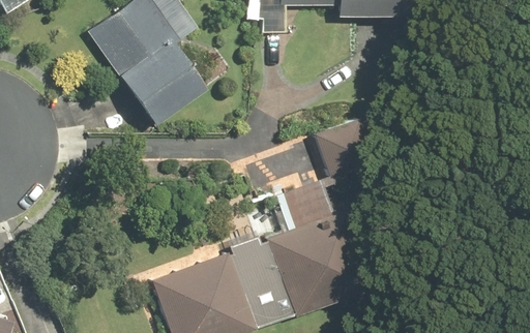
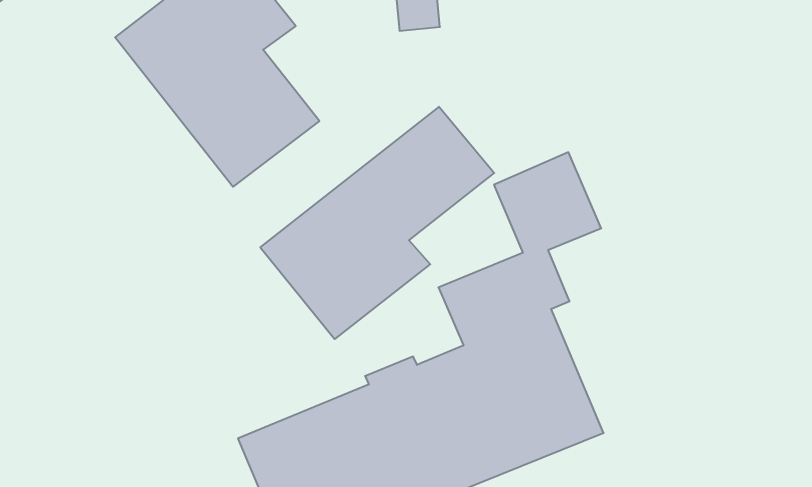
building: none -> [260,107,494,339]

